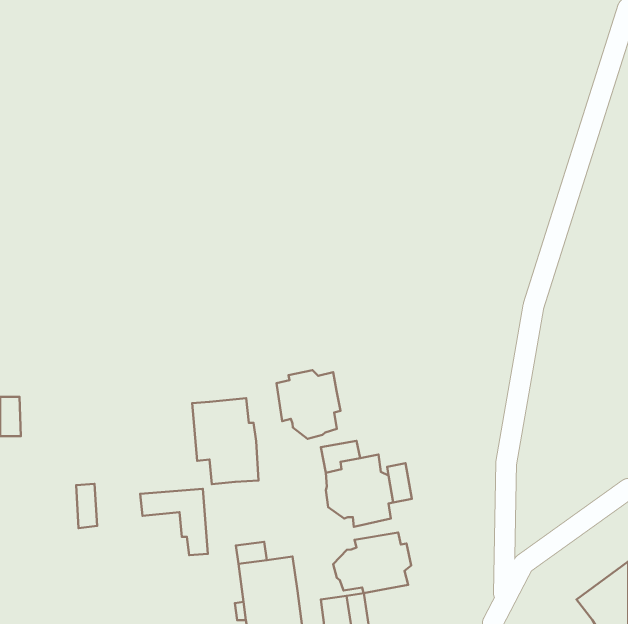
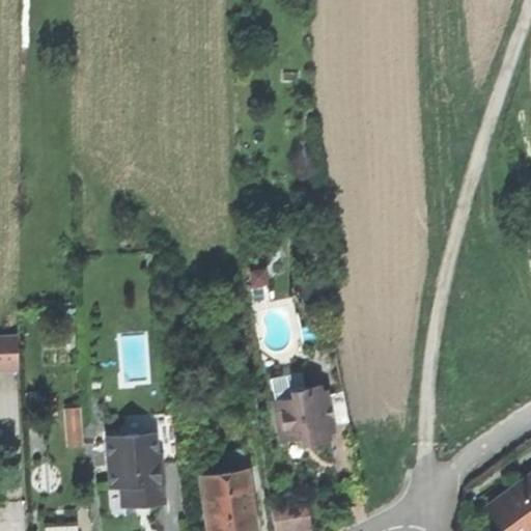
building: [276,370,341,439] -> none
building: [192,398,259,484] -> [106,436,162,508]
building: [333,533,411,593] -> none

